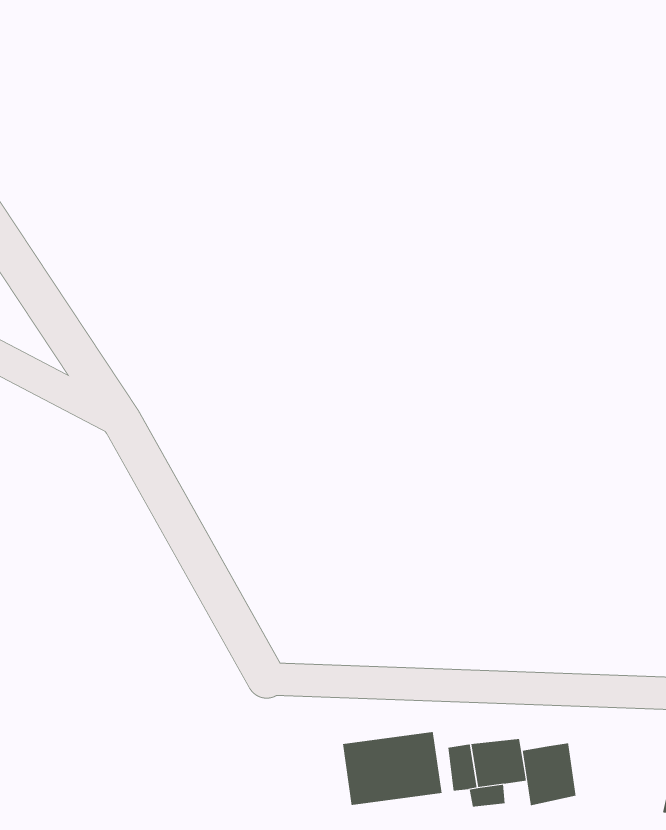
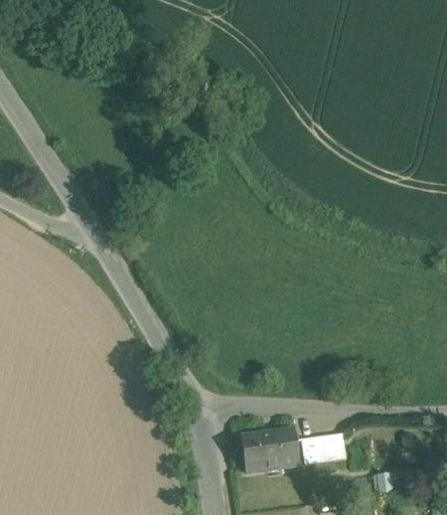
building: [522,742,576,806] -> none

